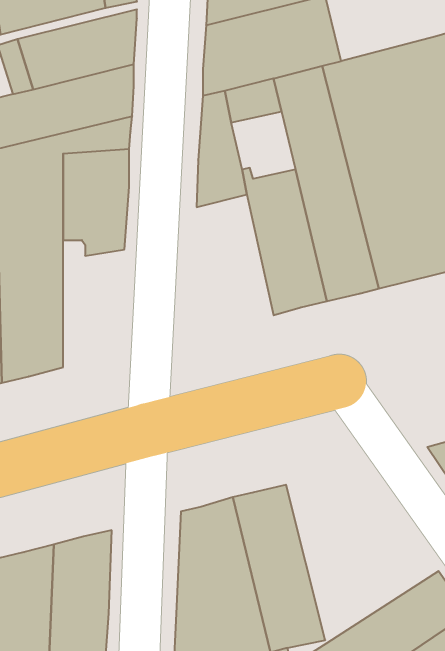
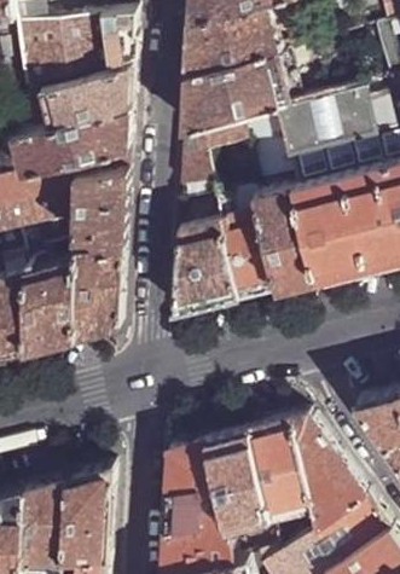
building: none -> [173,208,237,317]
building: none -> [75,250,122,341]
building: none -> [247,416,364,553]

